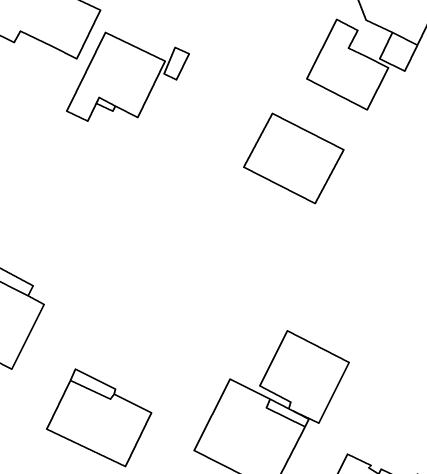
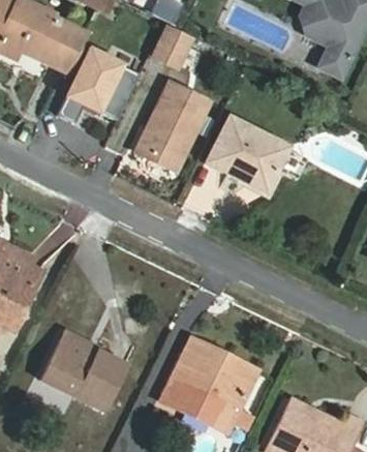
building: none -> [153,28,190,67]
building: [307,20,389,110] -> none
building: none -> [135,83,209,171]
building: [260,331,349,423] -> none

